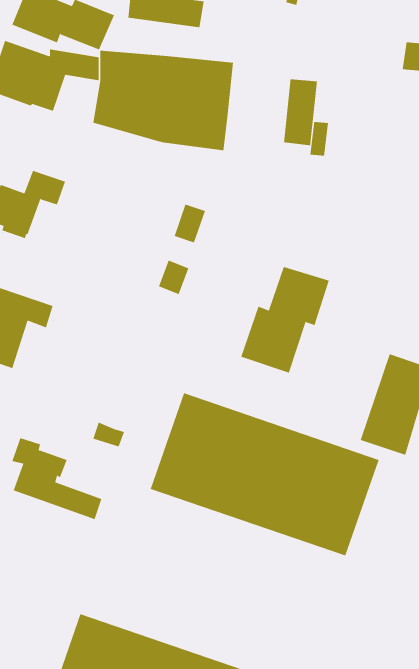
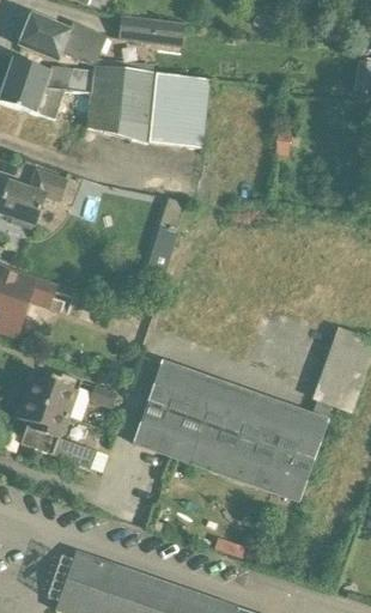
building: [283,79,317,146] -> none
building: [240,266,329,373] -> none
building: none -> [24,372,79,417]

